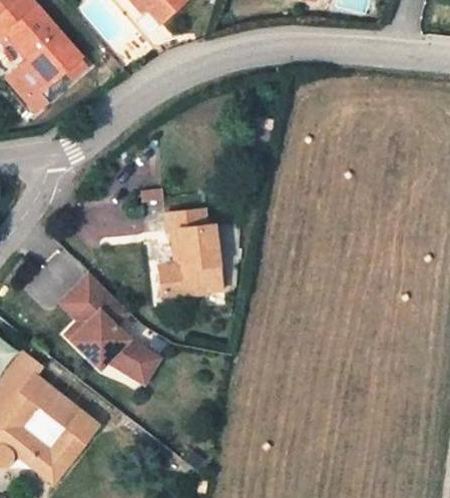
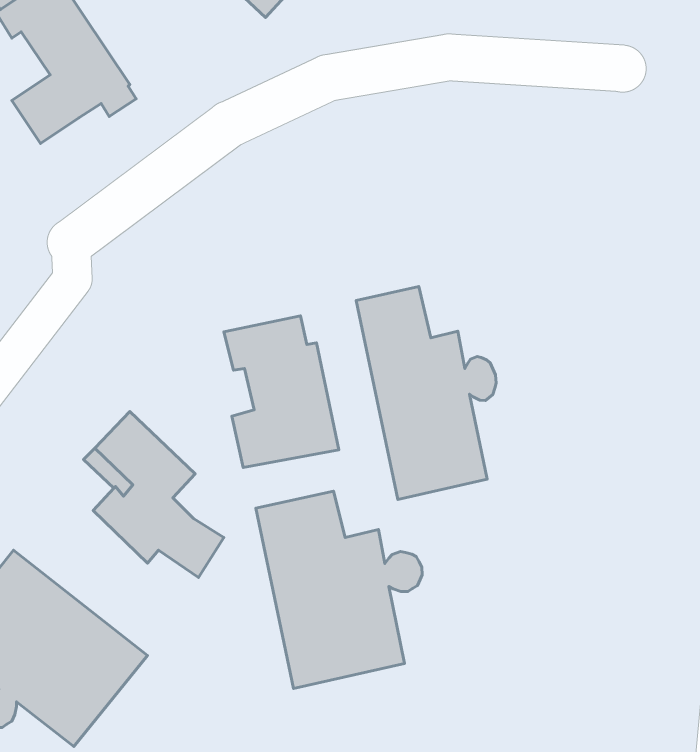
building: none -> [356,287,496,500]
building: none -> [256,491,422,688]

